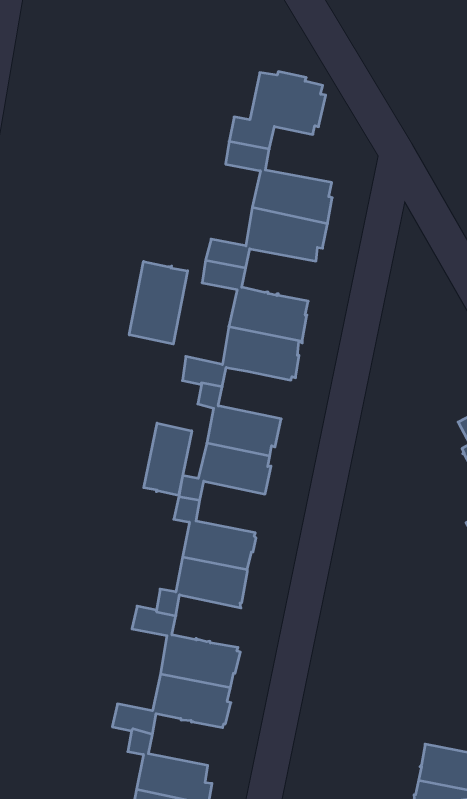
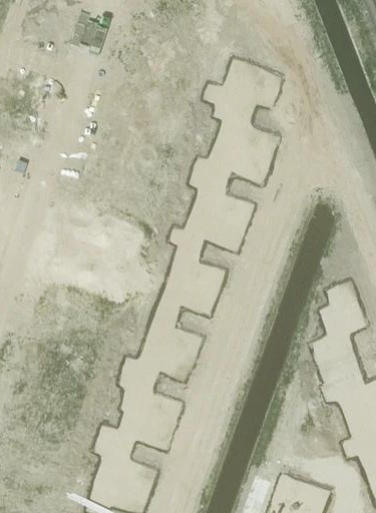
building: [129,261,188,344] -> none
building: [144,423,192,496] -> none

